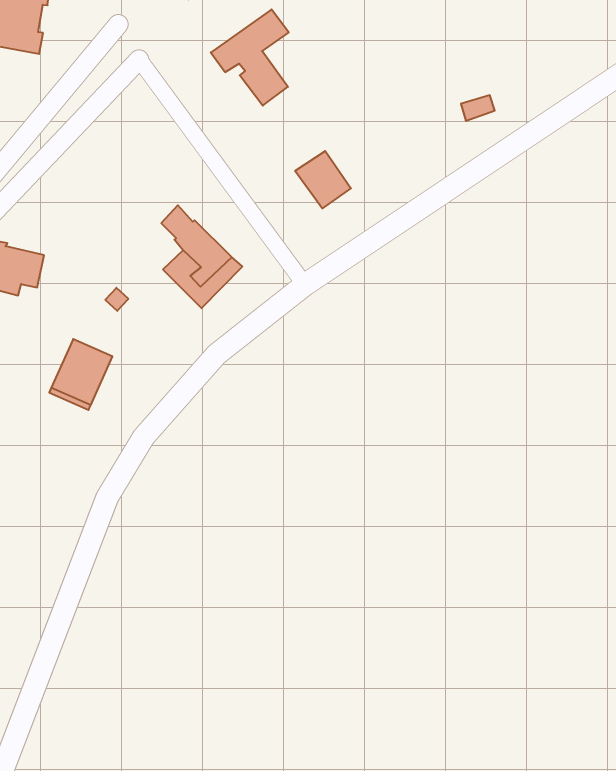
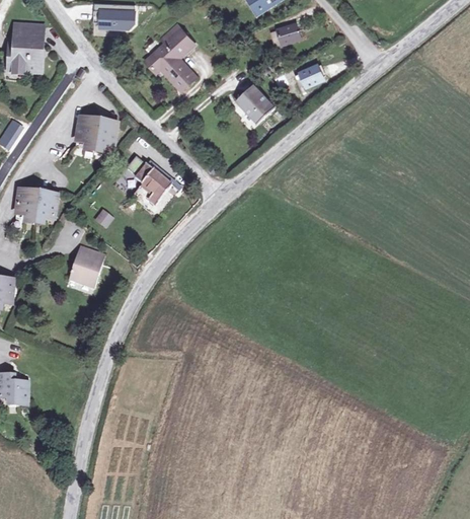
building: none -> [279,25,302,51]
building: none -> [75,116,118,149]
building: [295,151,351,208] -> [238,84,273,120]

